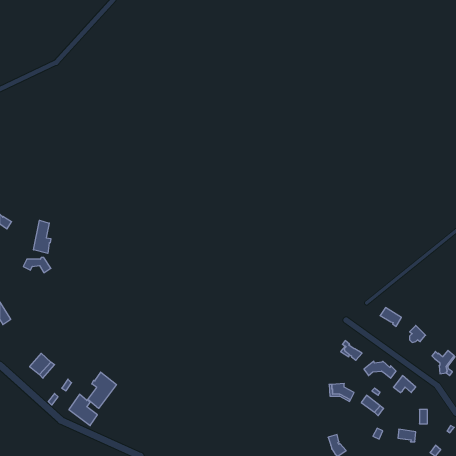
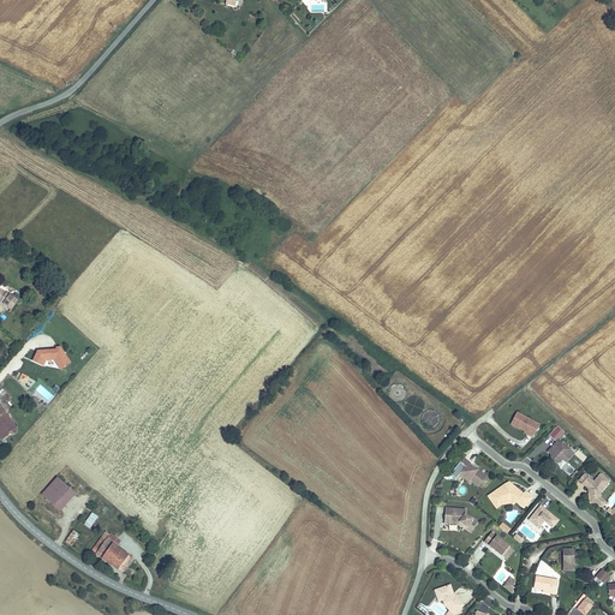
building: [34,220,51,253] -> none
building: [88,372,116,408] -> none

